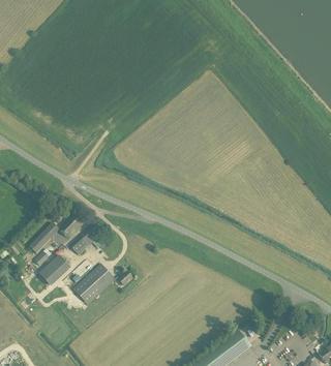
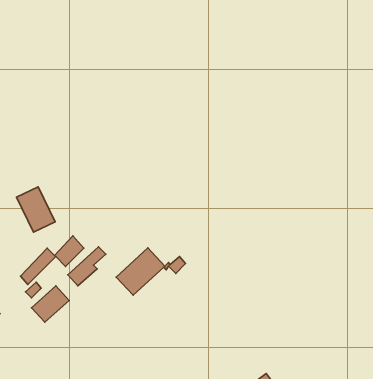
building: none -> [17,187,55,232]
building: [72,264,131,304] -> [116,248,186,295]

